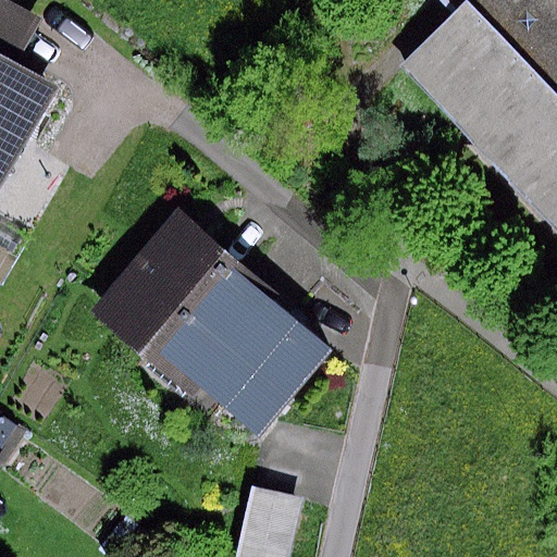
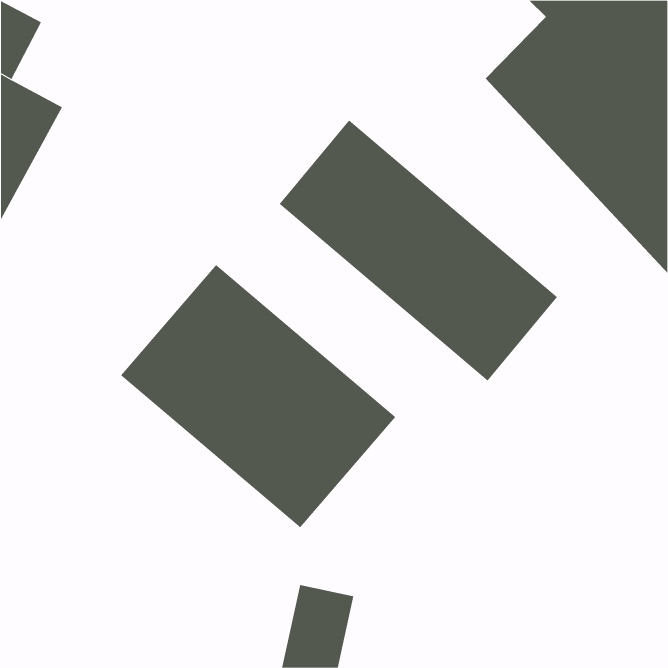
building: none -> [279,120,558,381]

